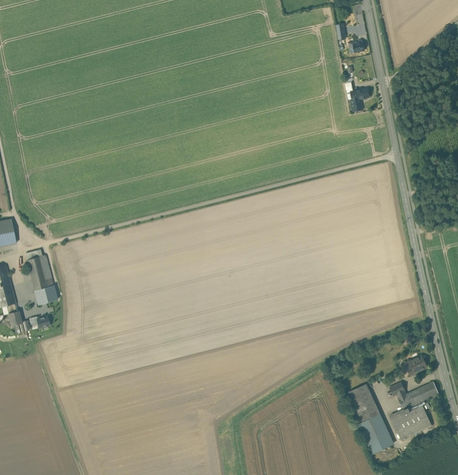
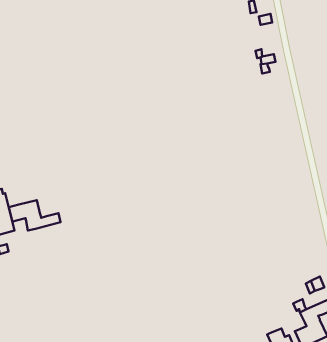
building: none -> [9,200,61,230]
building: [349,386,377,422] -> none

